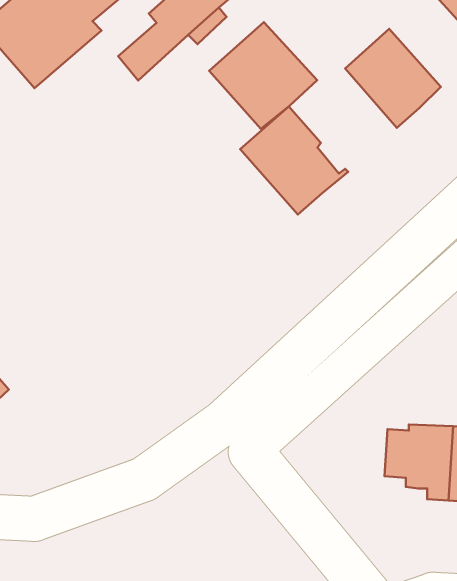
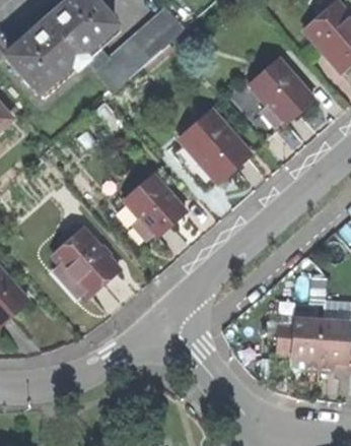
building: [209,22,317,129] -> none
building: none -> [124,172,186,234]
building: none -> [54,227,120,295]

